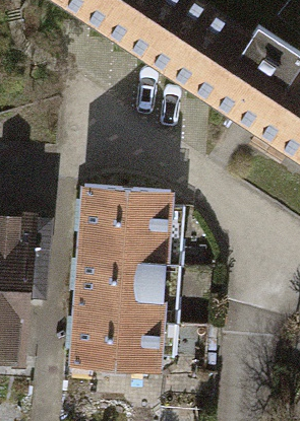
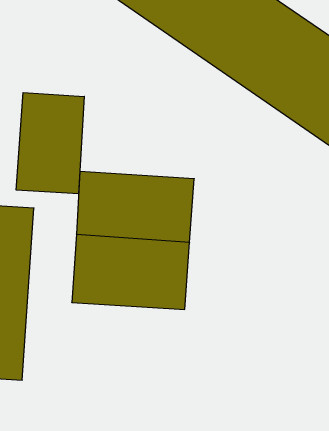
building: none -> [16,93,84,194]
building: [68,297,171,370] -> none

